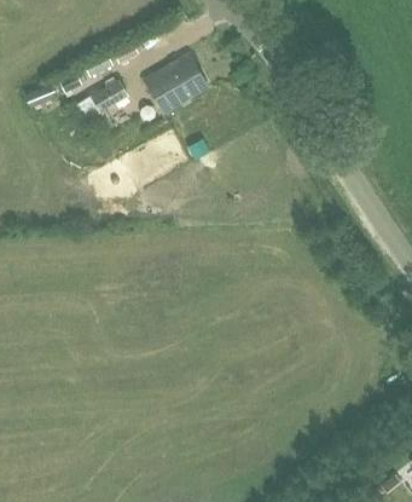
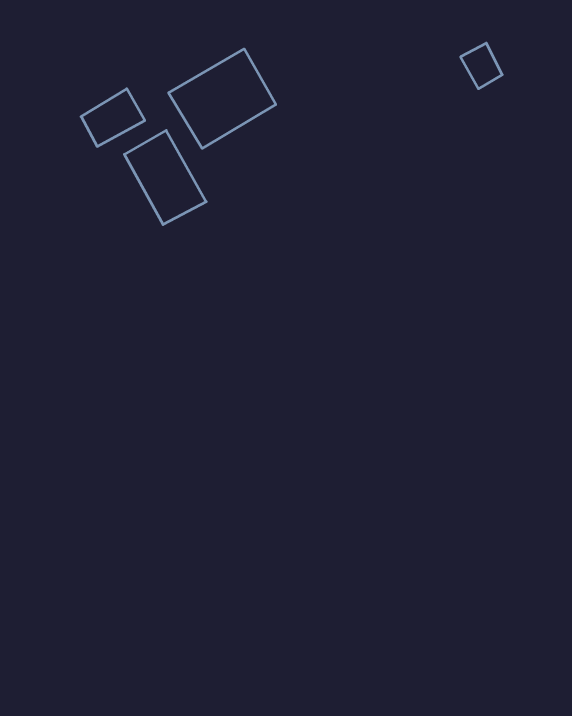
building: none -> [124,130,206,225]

